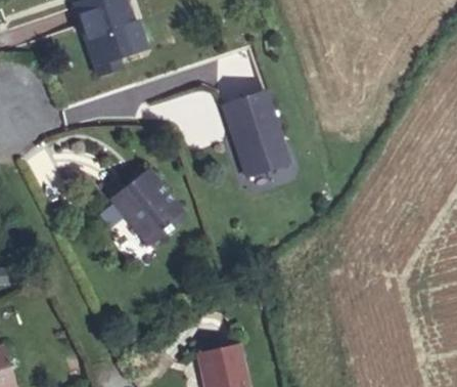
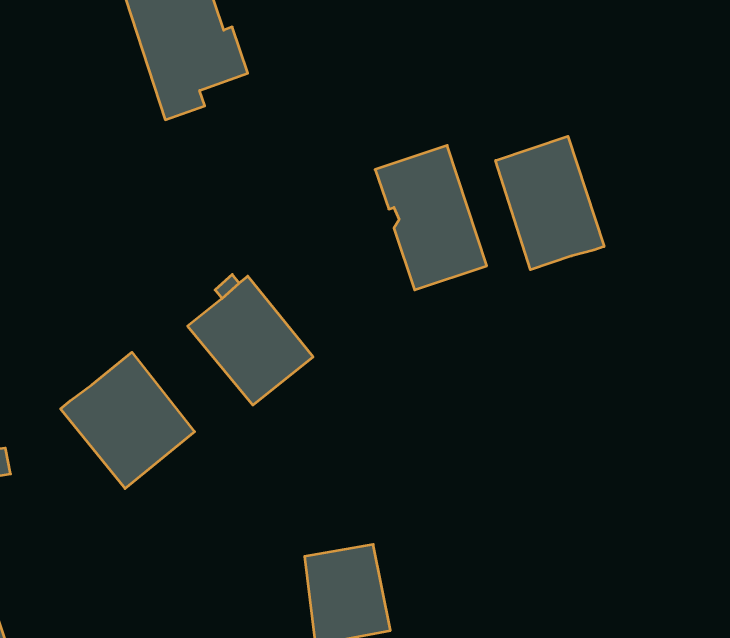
building: none -> [496,136,604,270]
building: none -> [61,352,195,489]

